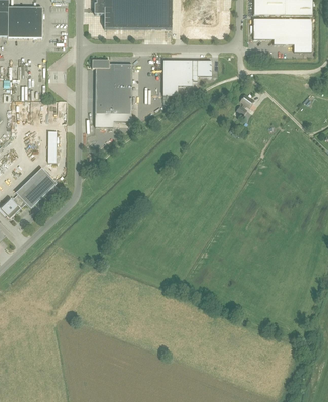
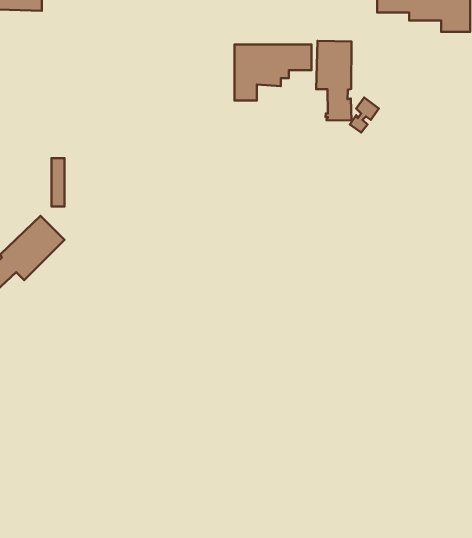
building: none -> [316,41,351,121]
building: [91,60,131,113] -> none

